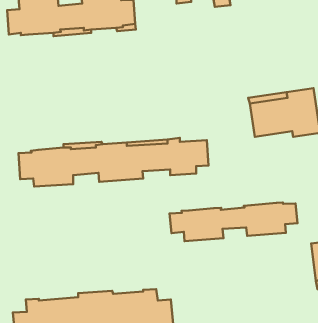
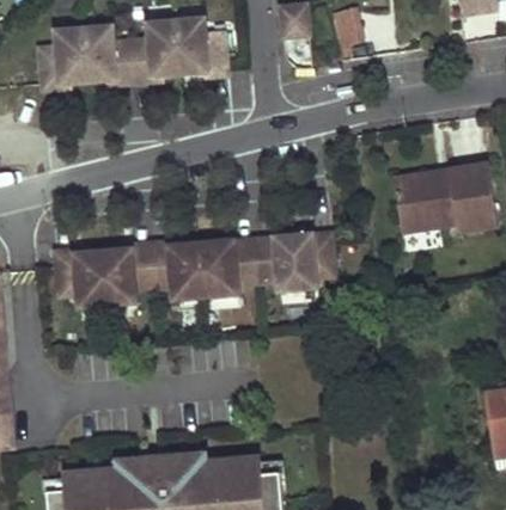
building: [170,203,297,241] -> none

